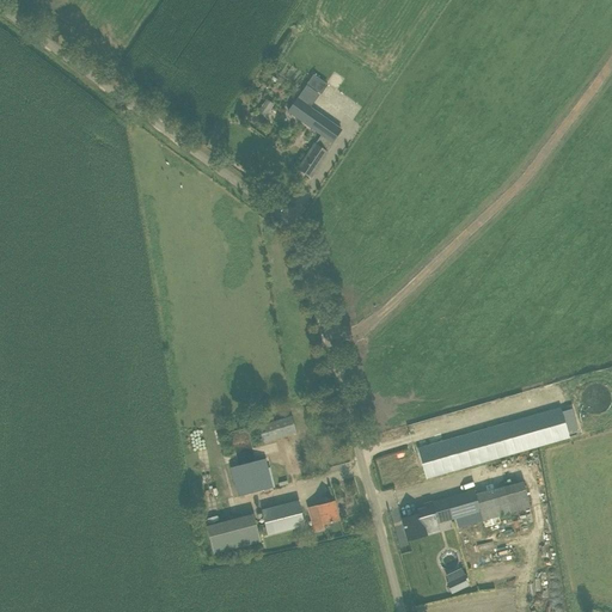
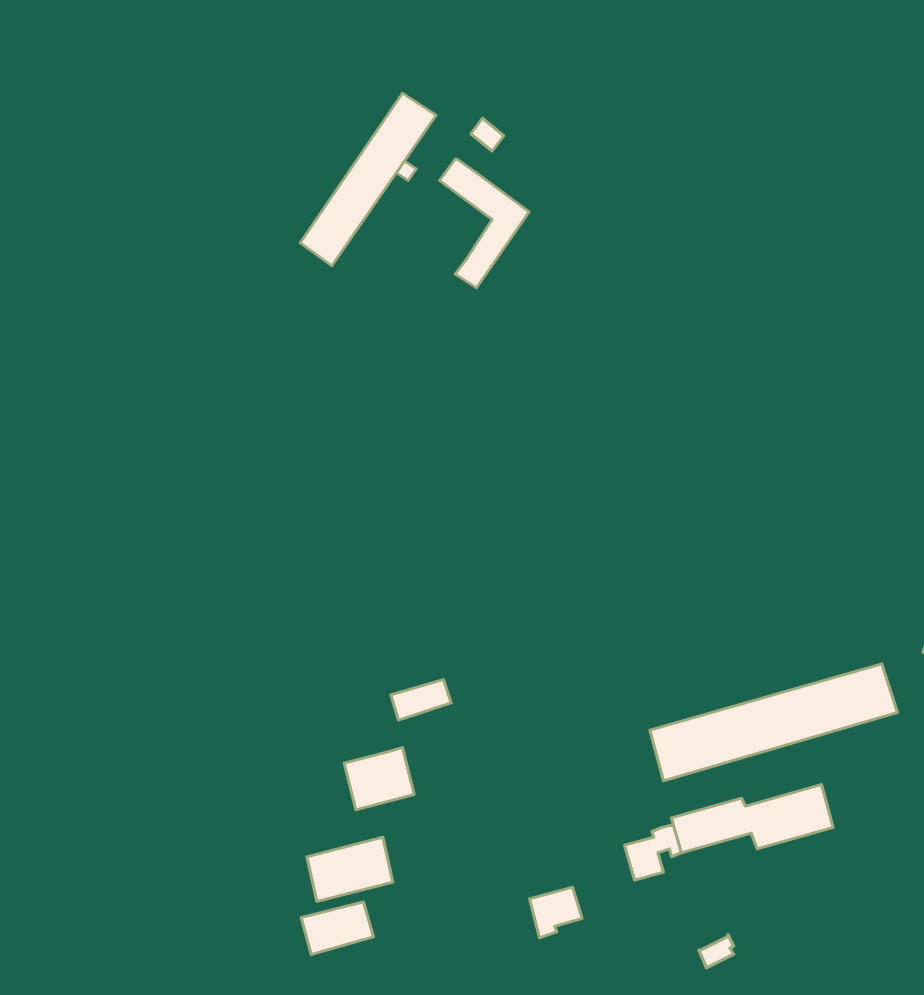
building: none -> [300,93,436,266]
building: [307,501,339,532] -> [530,887,582,938]
building: [261,502,305,534] -> [301,902,373,954]

